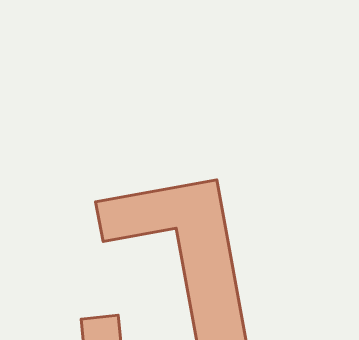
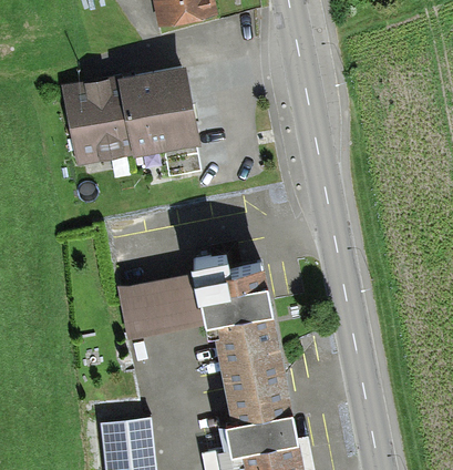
building: none -> [68,79,191,171]

